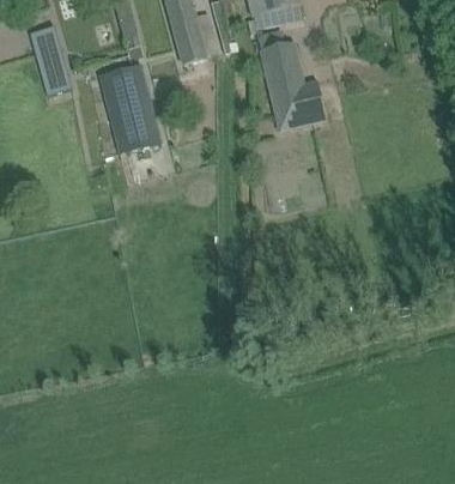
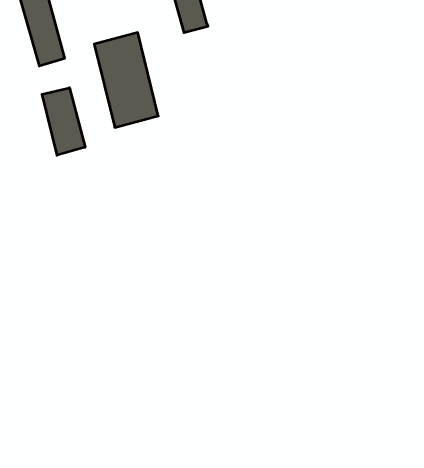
building: [261,42,326,128] -> none
building: none -> [42,88,85,155]

